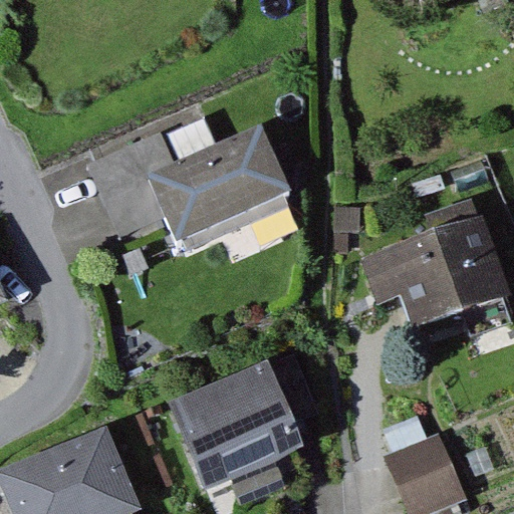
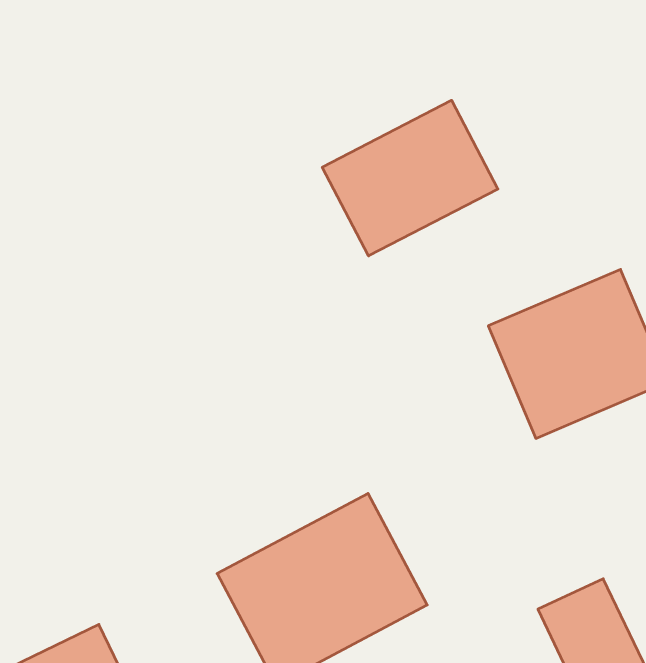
building: none -> [322,100,498,256]
building: [142,128,286,247] -> none

